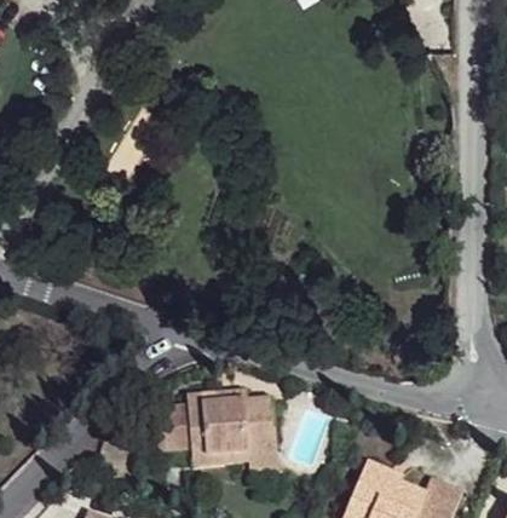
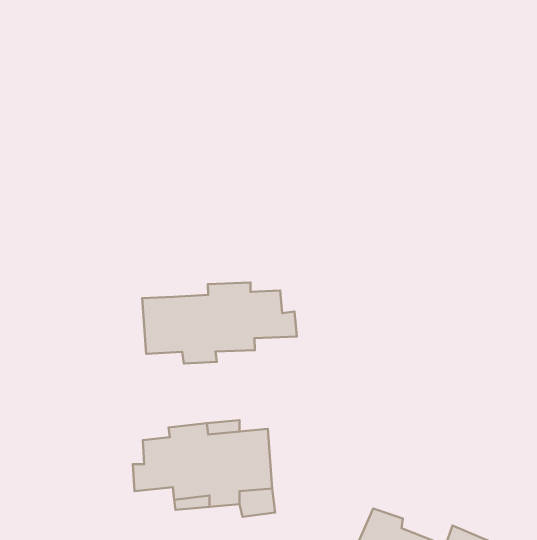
building: none -> [142,283,297,364]

